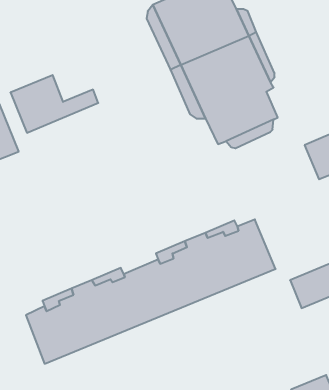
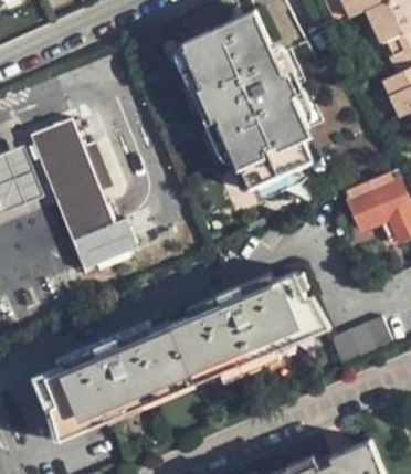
building: none -> [49,148,138,275]

